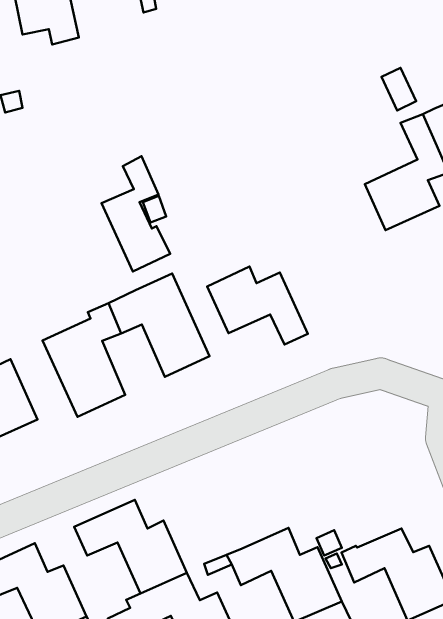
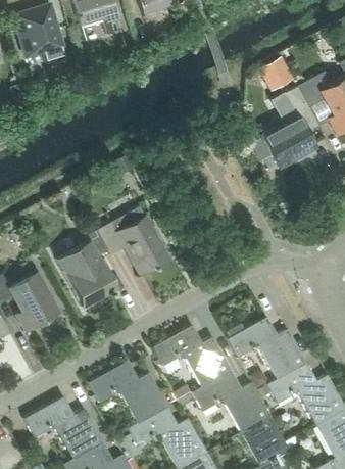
building: [101,156,170,271] -> none
building: [207,267,308,344] -> none
building: none -> [228,317,307,380]
building: none -> [153,325,232,387]

